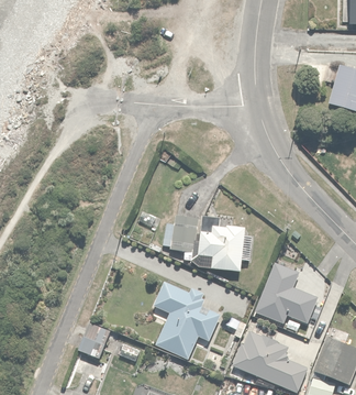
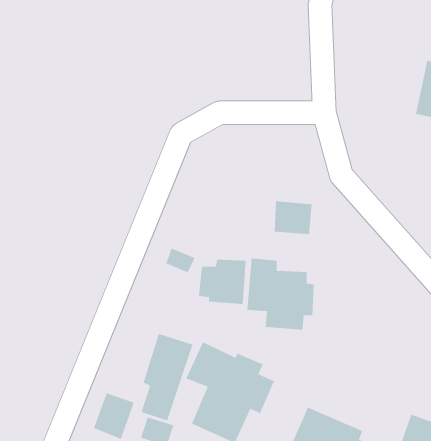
building: none -> [274,201,312,235]
building: [252,257,326,325] -> none
building: none -> [141,333,193,421]

